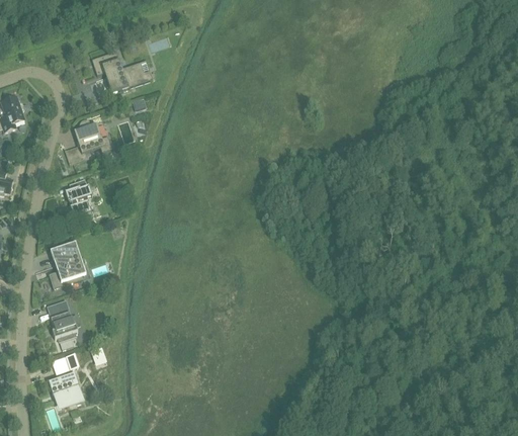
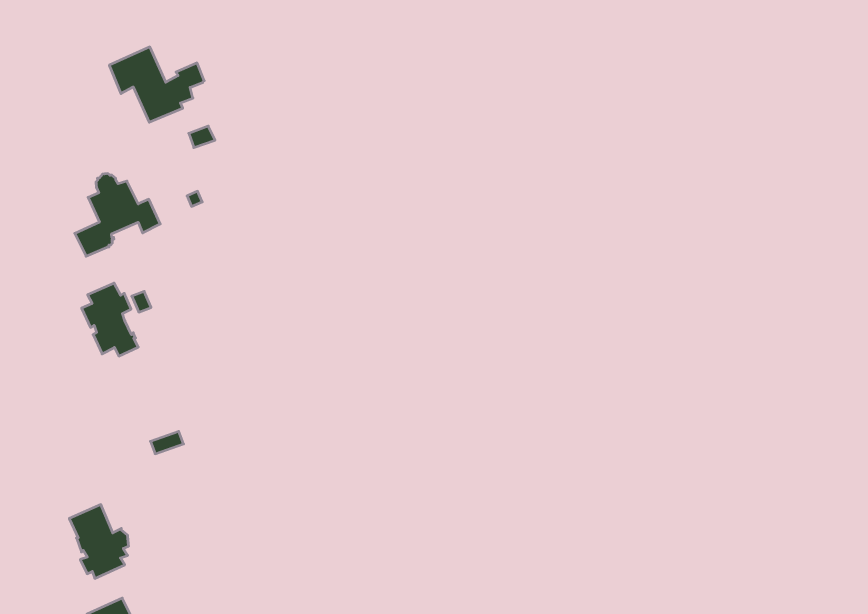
building: [48,241,85,286] -> none

